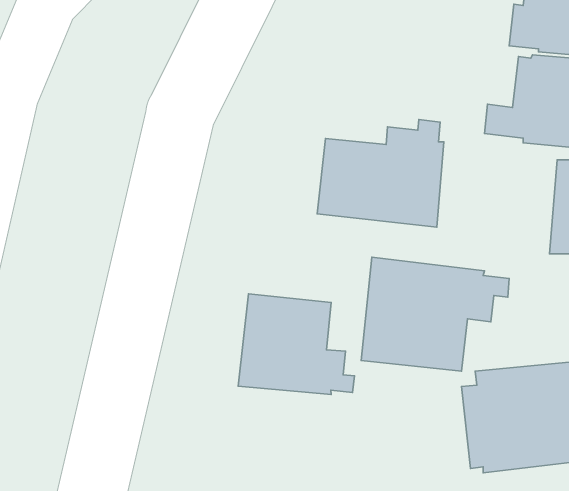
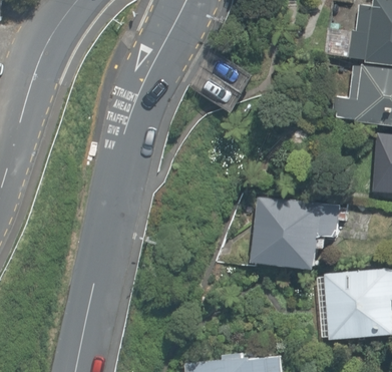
building: [317,120,444,227] -> none
building: [238,294,355,395] -> none

